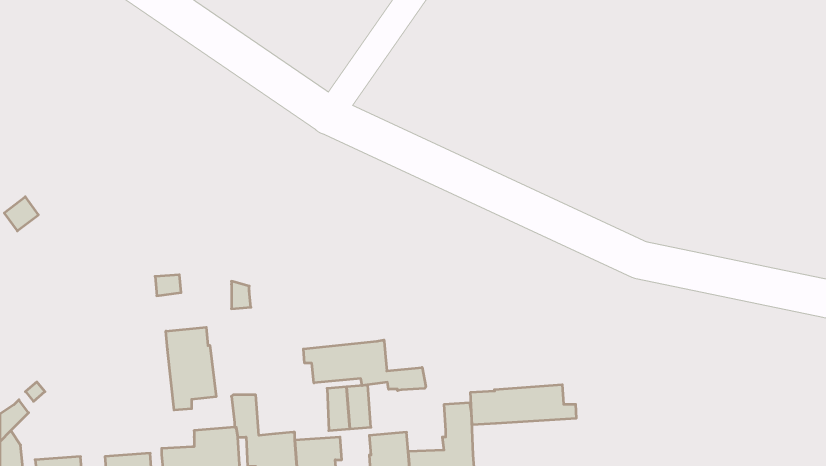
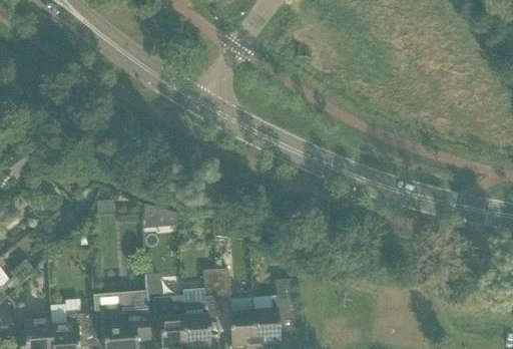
building: [166,327,216,410] -> none
building: [303,340,426,391] -> none
building: [471,385,576,425] -> none

